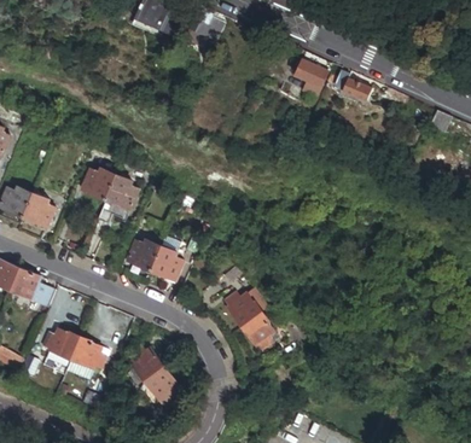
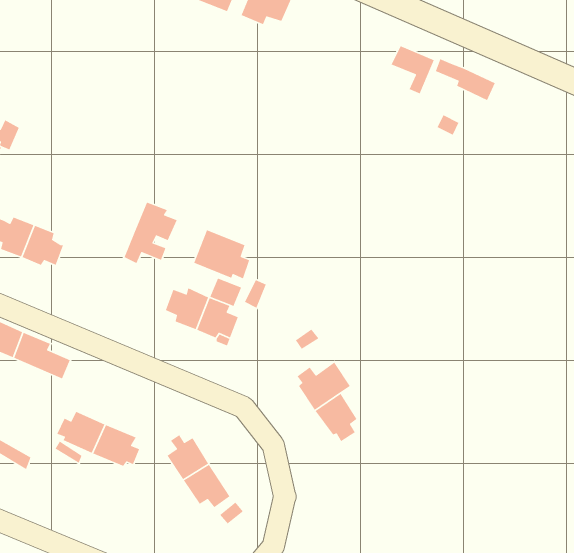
building: [82,168,115,198] -> none
building: none -> [193,229,250,279]

